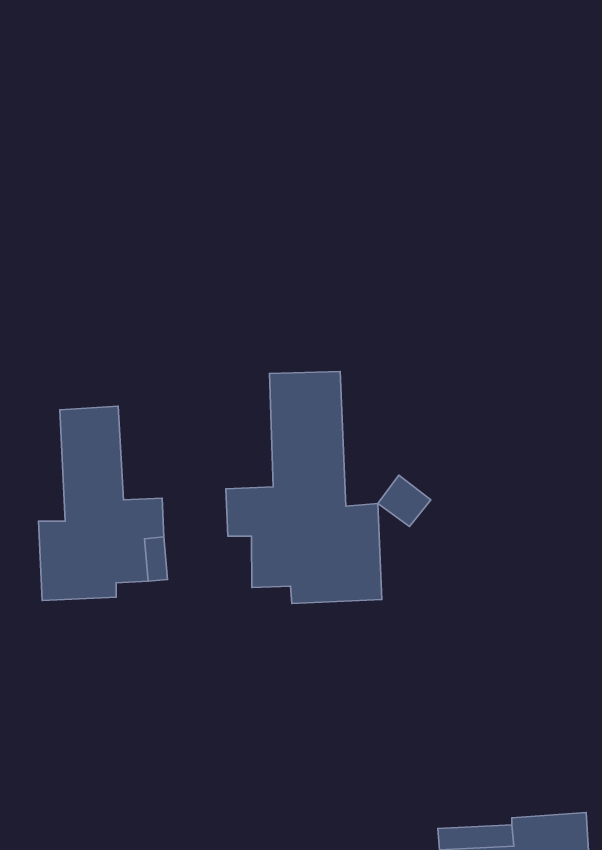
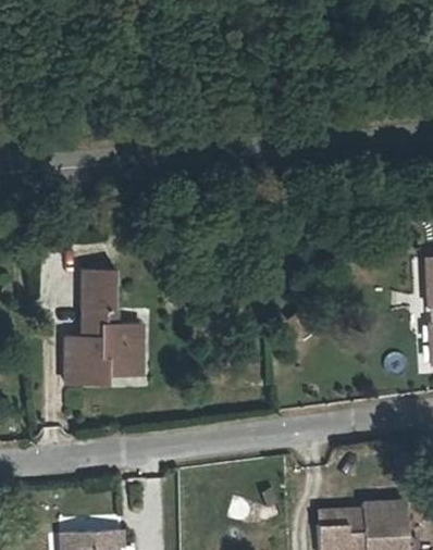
building: [226,371,382,603] -> none

